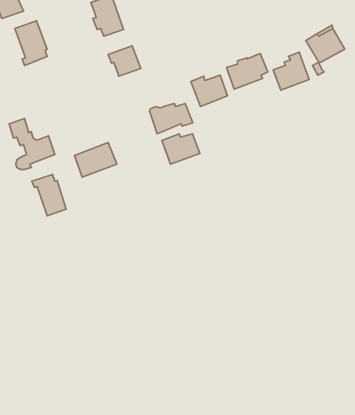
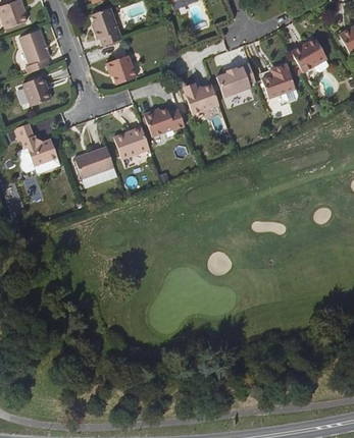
building: none -> [21,76,51,106]
building: [162,134,200,164] -> [114,129,150,158]
building: [32,175,66,216] -> none

